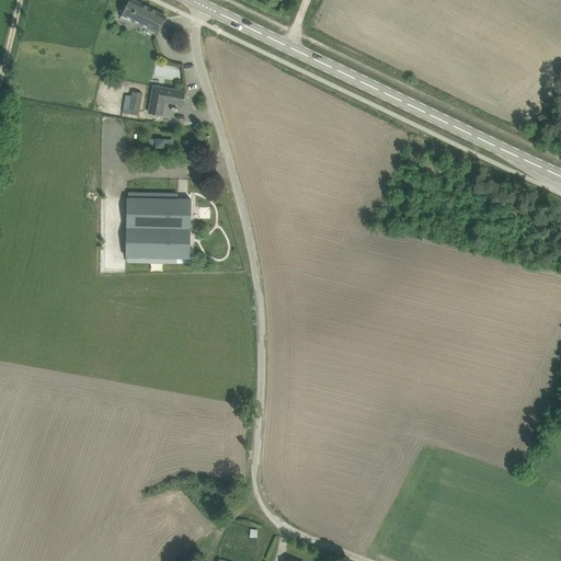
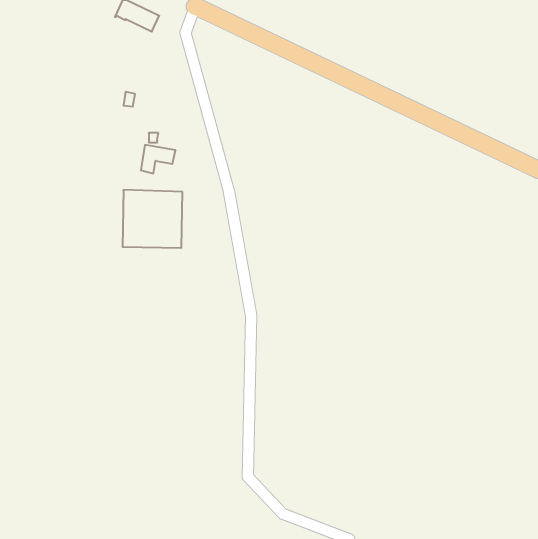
building: [148,85,184,115] -> [141,145,176,173]

